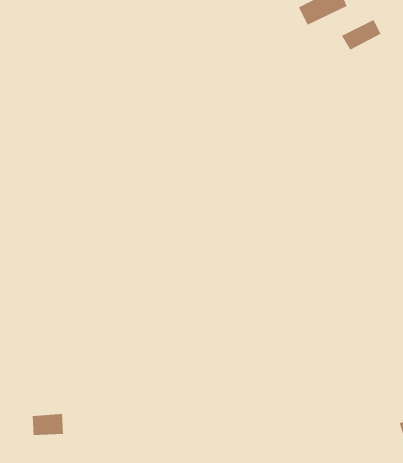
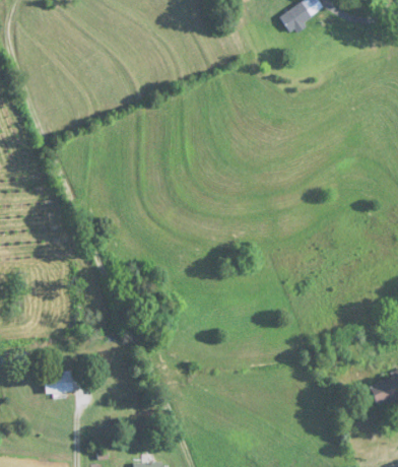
building: [341,19,381,50] -> none

